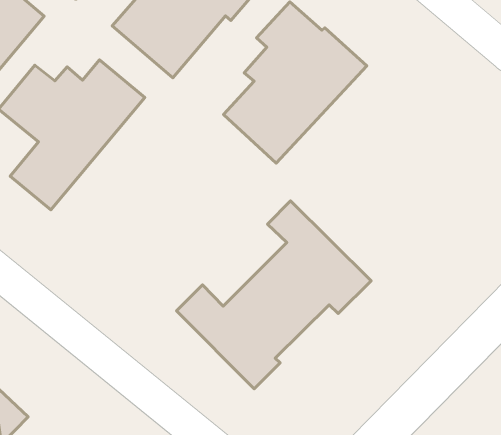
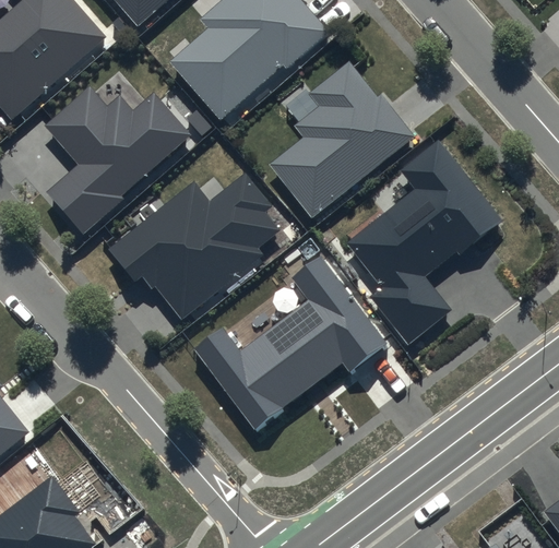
building: none -> [346,138,503,342]
building: none -> [109,172,282,320]

